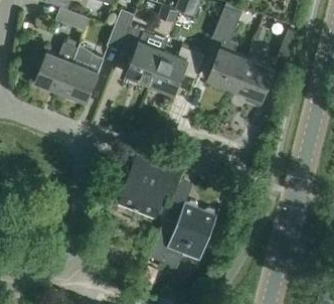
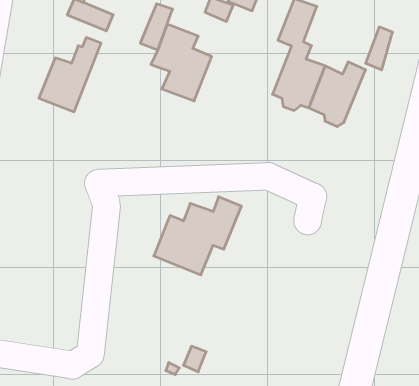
building: [59,41,103,103] -> none
building: [149,47,203,95] -> none
building: [148,200,216,269] -> none

